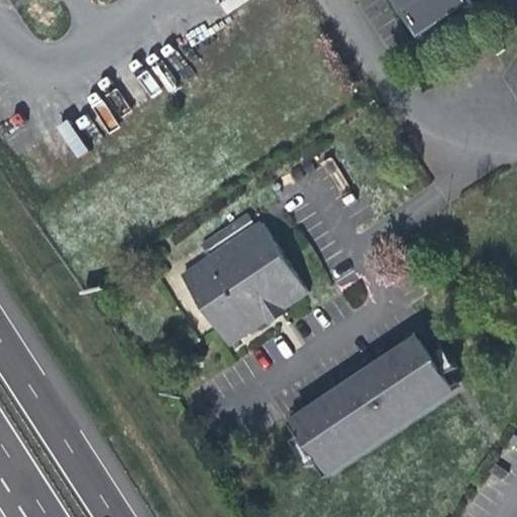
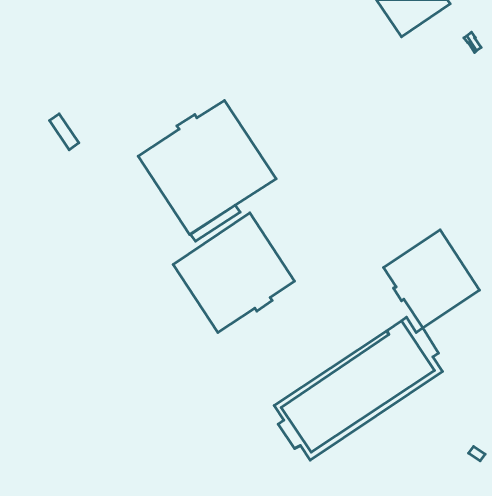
building: none -> [138,100,276,235]
building: none -> [384,230,479,328]

